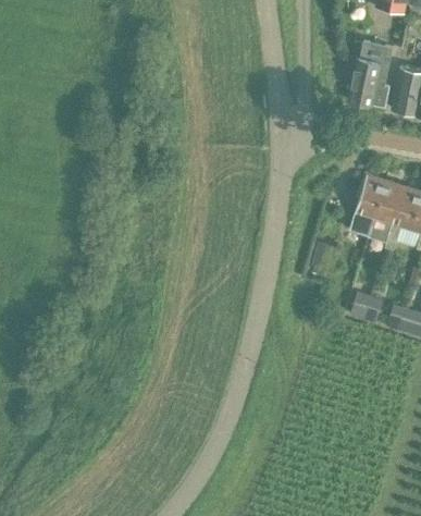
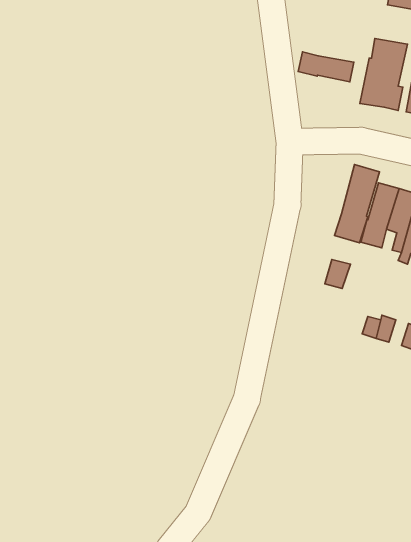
building: none -> [298,52,354,82]
building: none -> [335,164,379,243]

